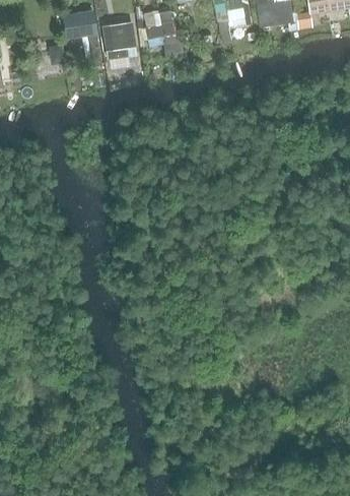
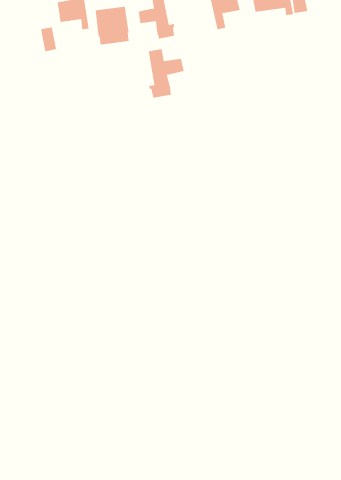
building: none -> [148,48,185,98]

